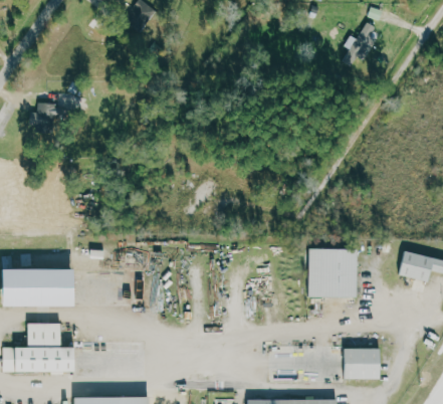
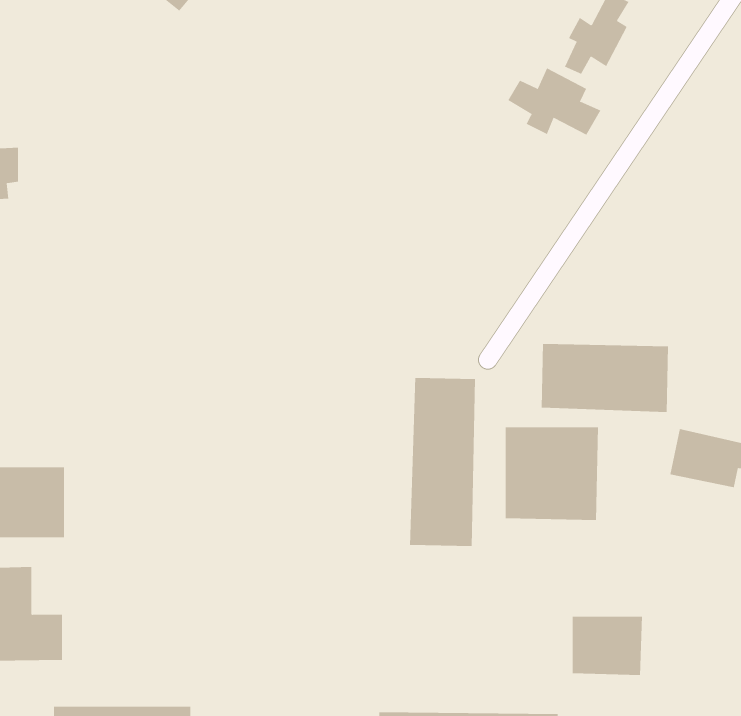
building: none -> [508,67,601,135]
building: none -> [541,343,668,413]
building: none -> [410,377,475,547]

